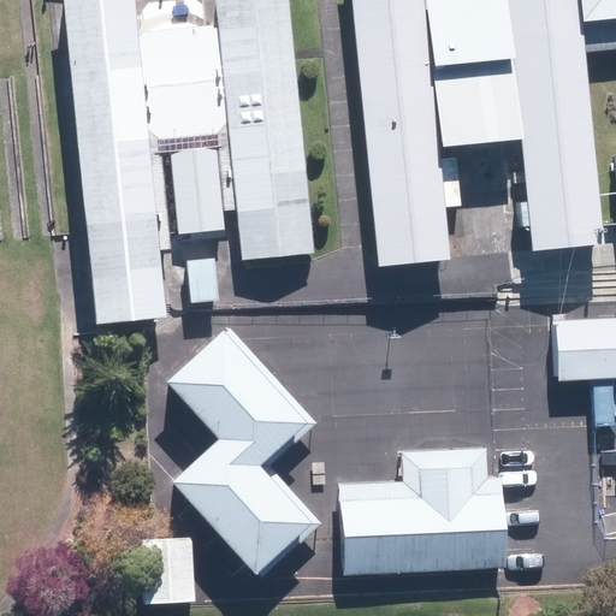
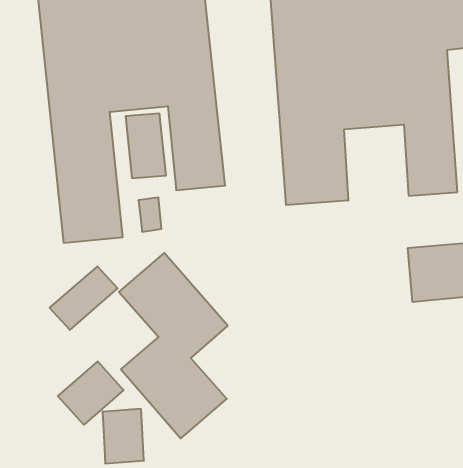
building: none -> [50,266,118,330]
building: [343,445,508,573] -> none
building: none -> [58,361,124,425]

